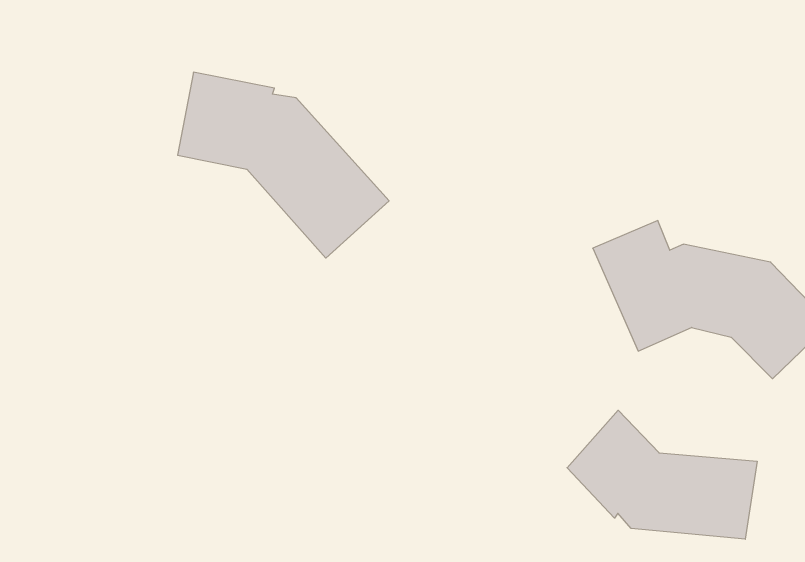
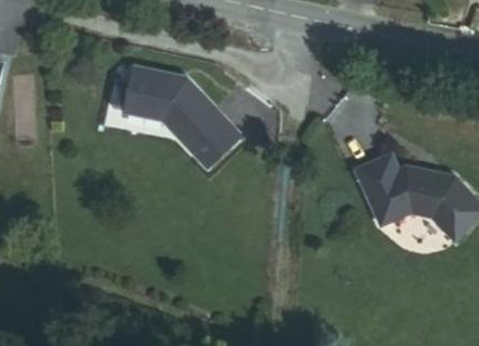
building: [567,410,757,539] -> none

